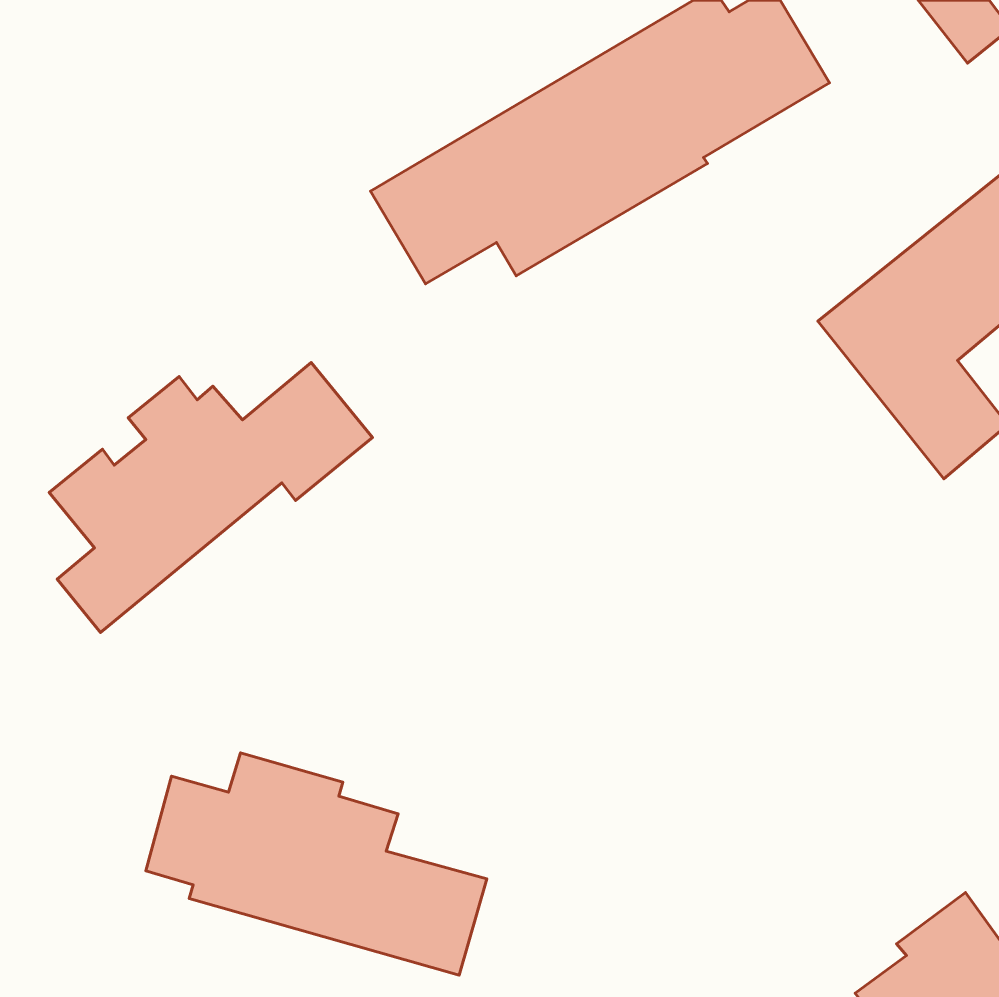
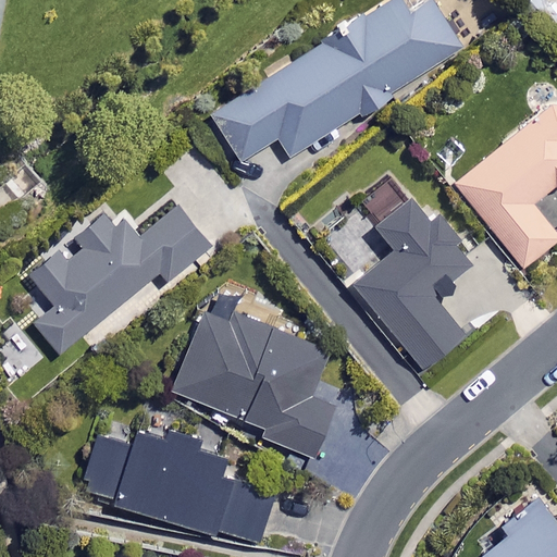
building: none -> [352,181,472,369]
building: none -> [173,302,335,458]

